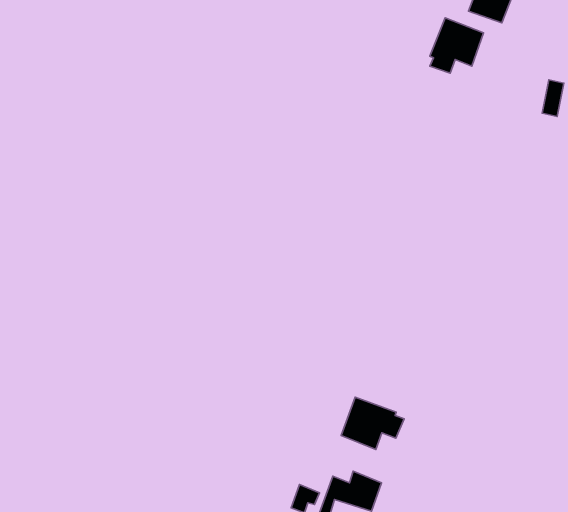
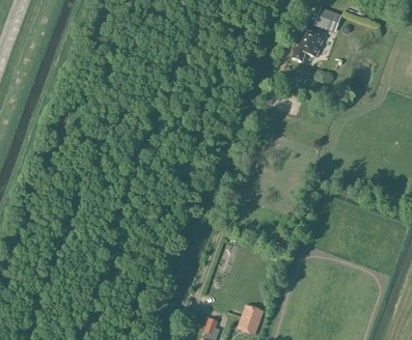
building: [341,397,404,450] -> none

